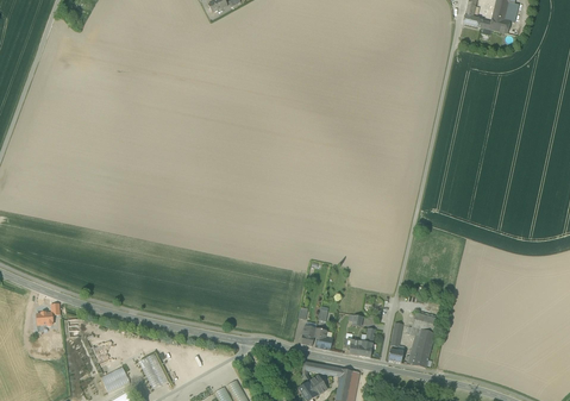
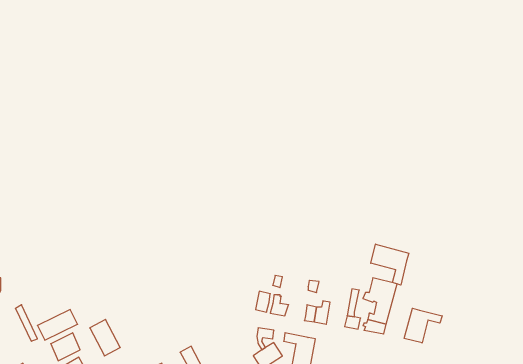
building: none -> [371,244,409,285]
building: none -> [404,308,442,343]

